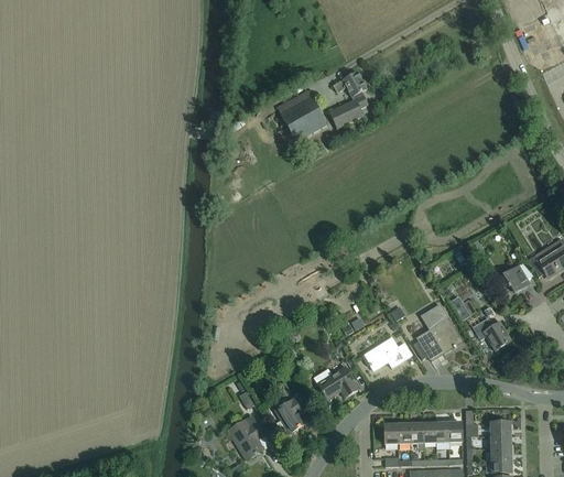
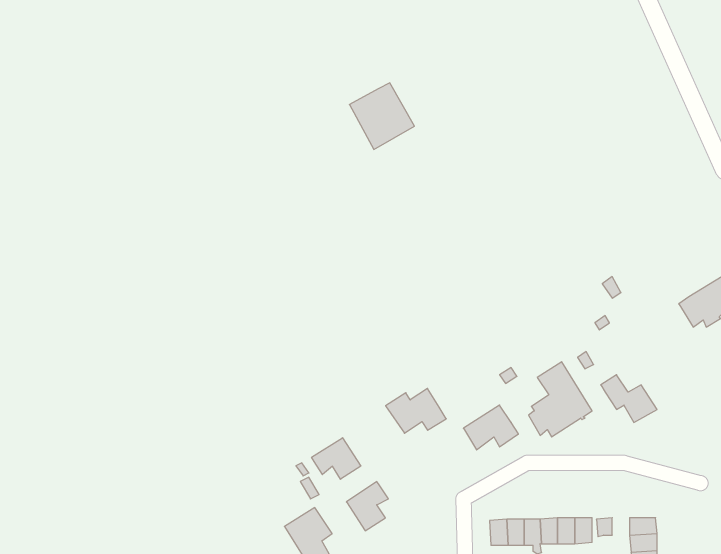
building: [328,72,368,127] -> none
building: [495,265,530,297] -> none
building: none -> [312,438,361,479]
building: [313,365,359,399] -> [386,388,446,433]

